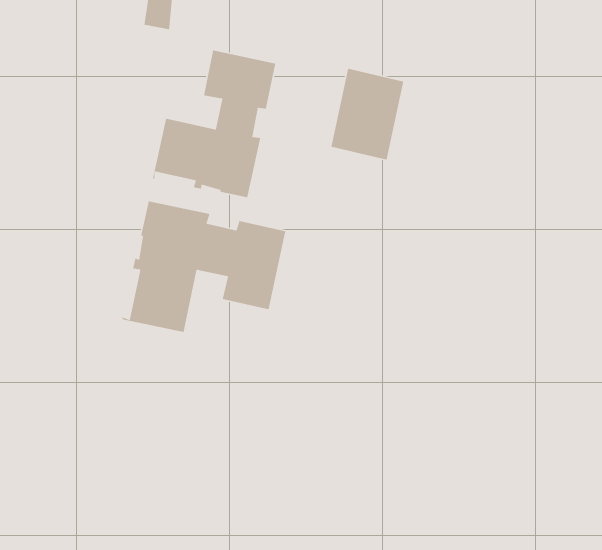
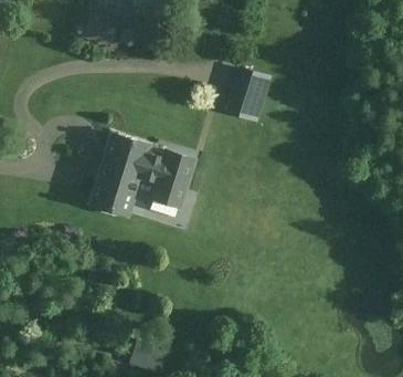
building: [152,50,276,198] -> none

